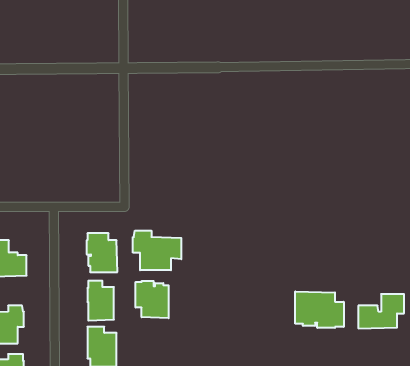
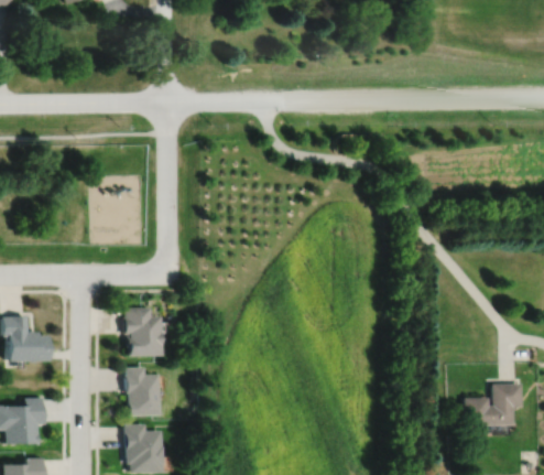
building: [133,231,181,270] -> none
building: [136,281,169,318] -> none
building: [295,291,344,328] -> none

